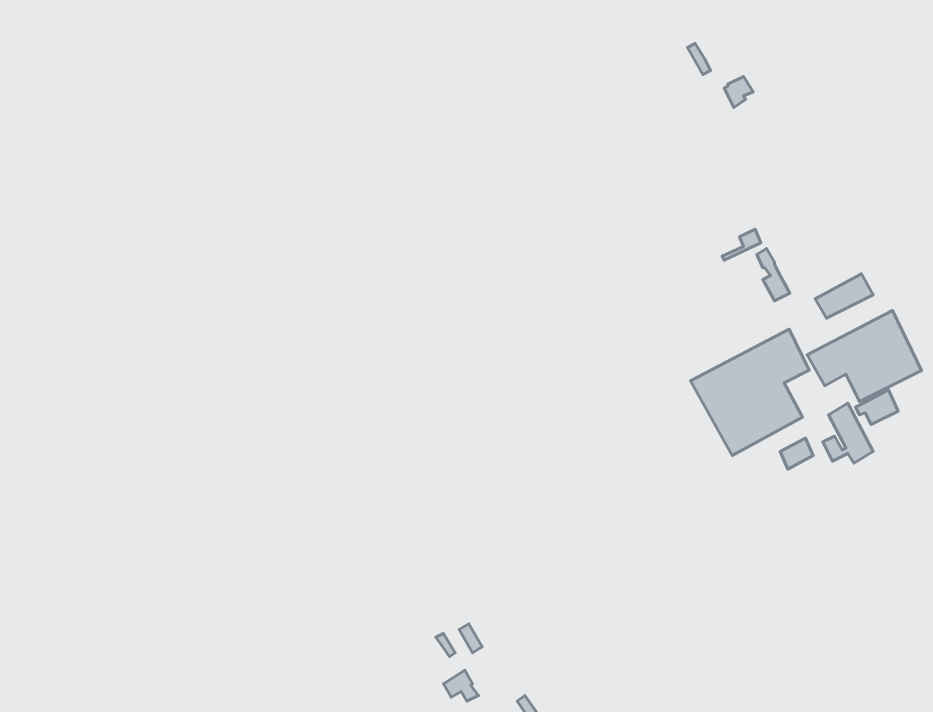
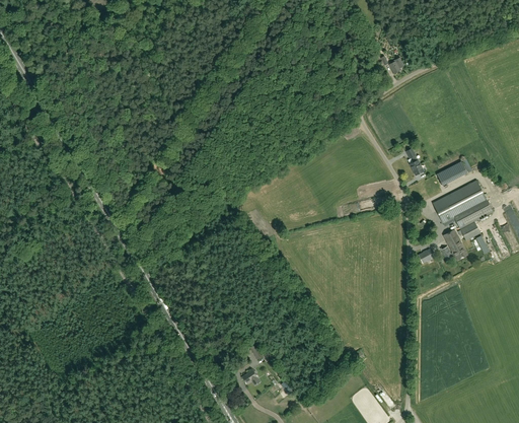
building: [690,329,809,456] -> none

